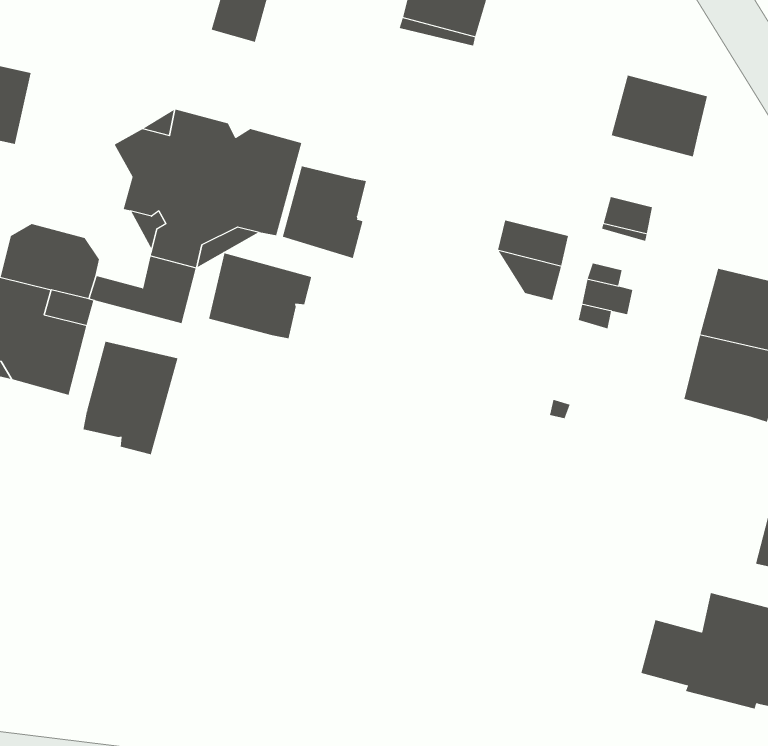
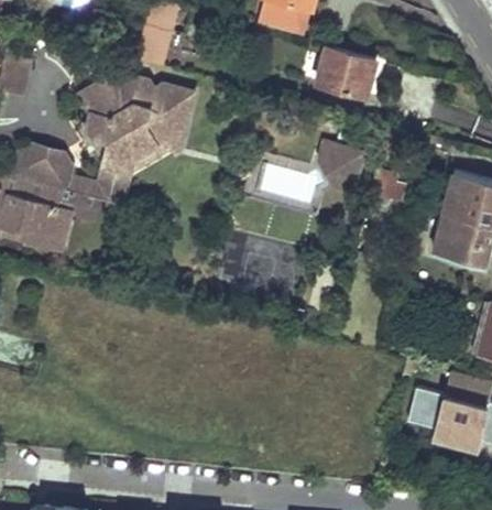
building: none -> [131,24,170,66]
building: [611,75,708,157] -> [316,45,375,96]
building: [282,165,366,259] -> none
building: [209,252,312,339] -> none
building: [83,341,178,455] -> none

